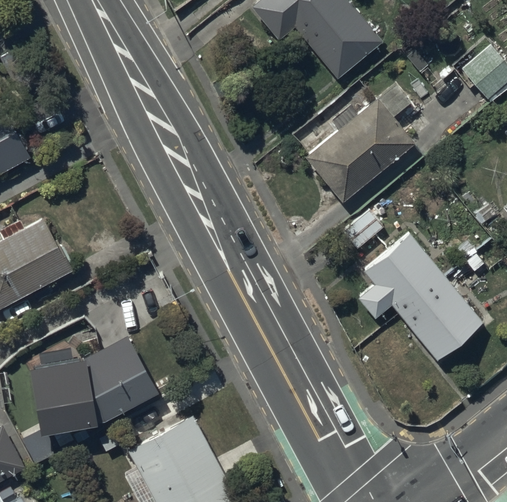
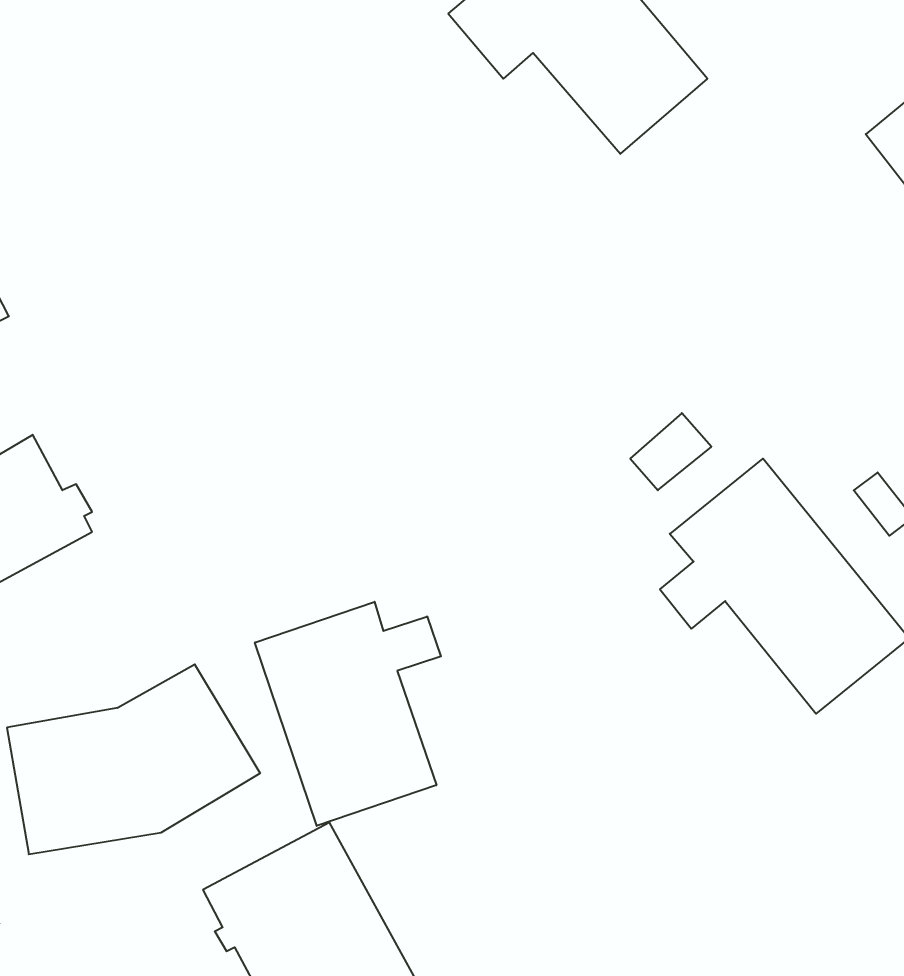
building: [305,86,413,203] -> none
building: none -> [255,602,441,826]

